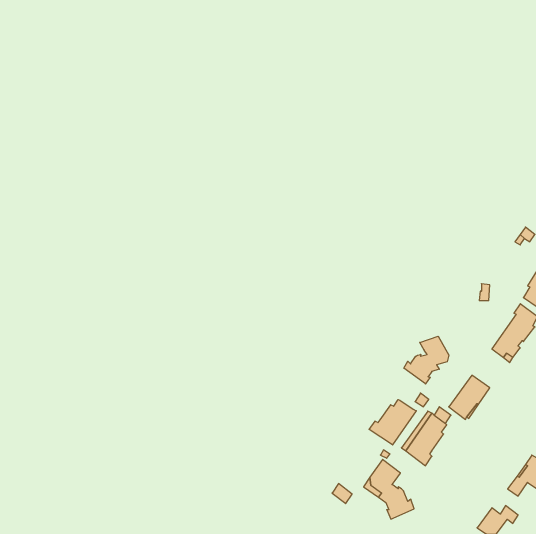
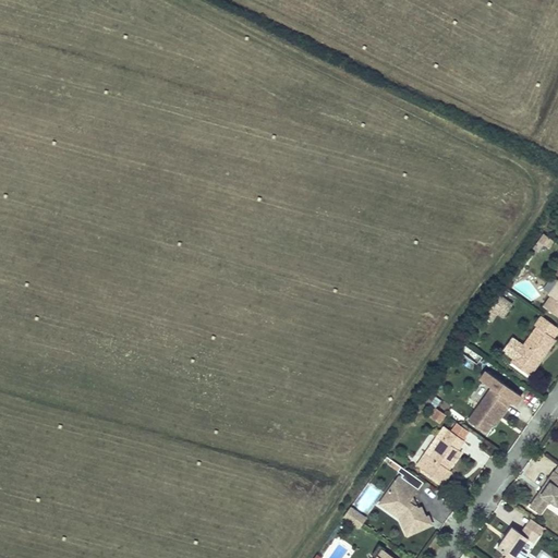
building: [404,336,449,384] -> none
building: [369,400,416,445] -> none

